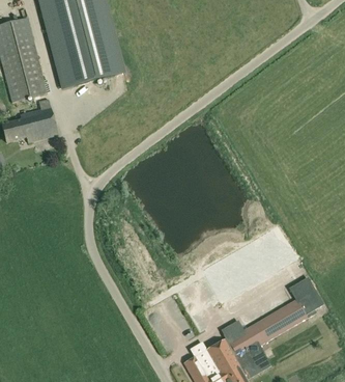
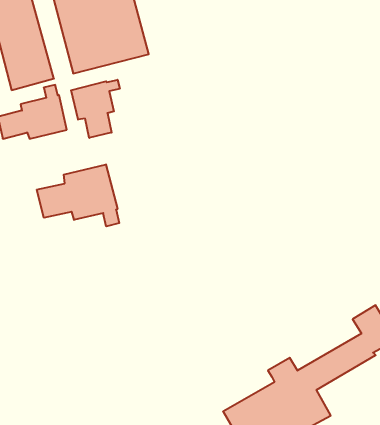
building: none -> [71,80,120,138]
building: none -> [37,164,119,226]

